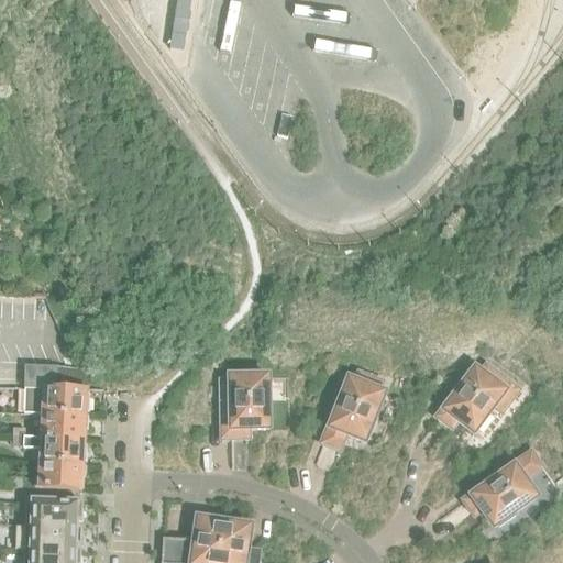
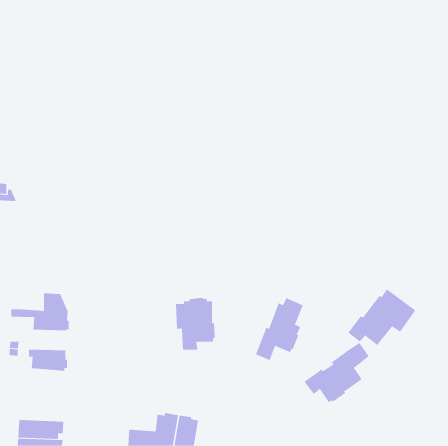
building: [22,364,54,388] -> none
building: [35,412,87,438] -> none
building: [461,450,543,526] -> [304,342,370,403]
building: [9,461,84,489] -> none
building: [23,500,80,527] -> none

